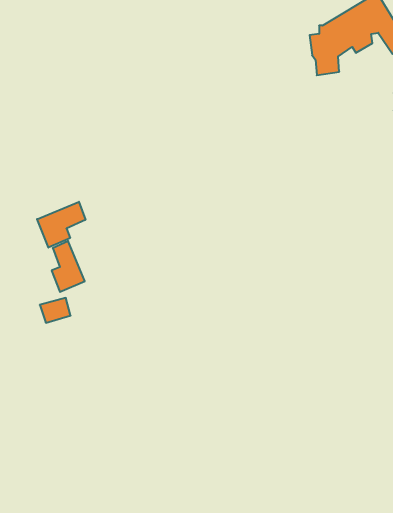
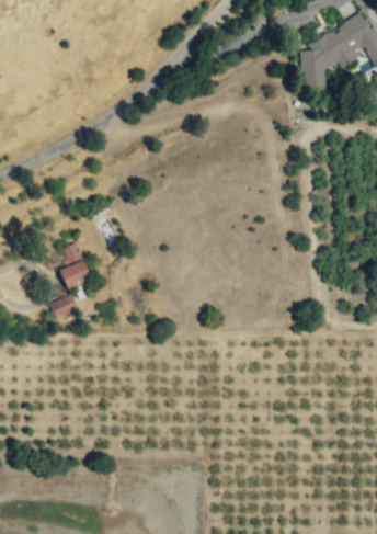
building: [37,202,85,248] -> none

